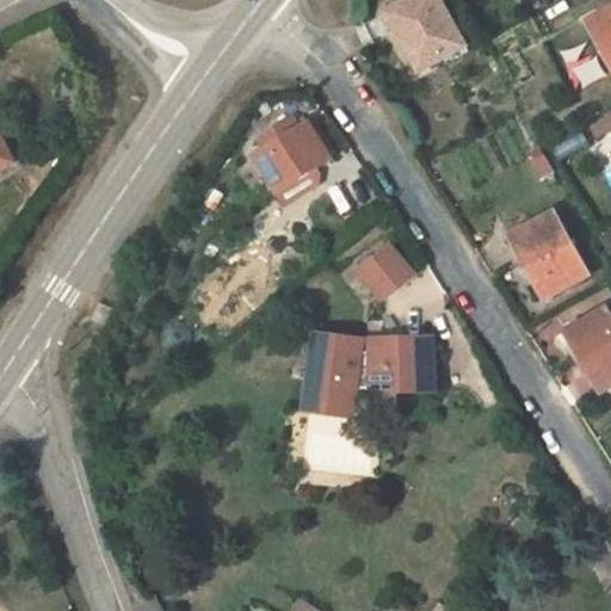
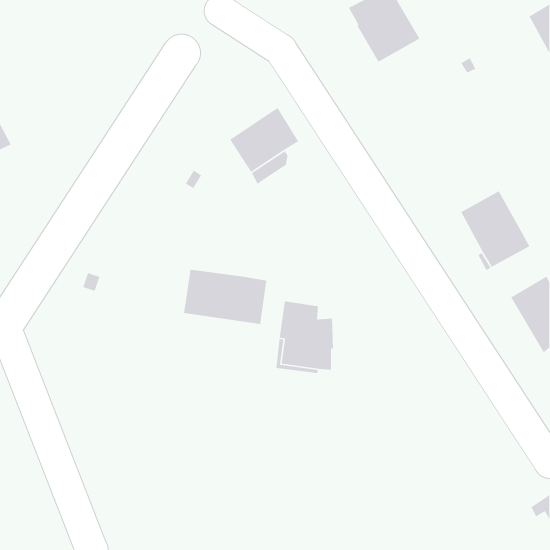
building: [358,245,411,297] -> none
building: none -> [183,269,267,325]
building: [368,335,432,390] -> none

